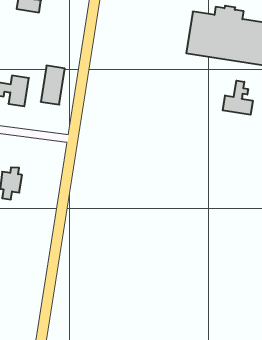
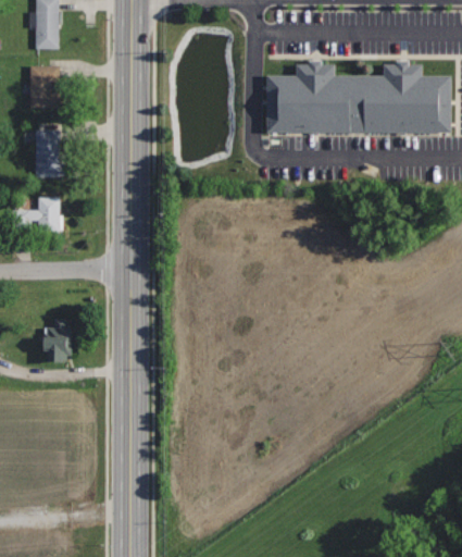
building: [41,66,65,105] -> [37,128,62,177]
building: [223,81,253,115] -> none

